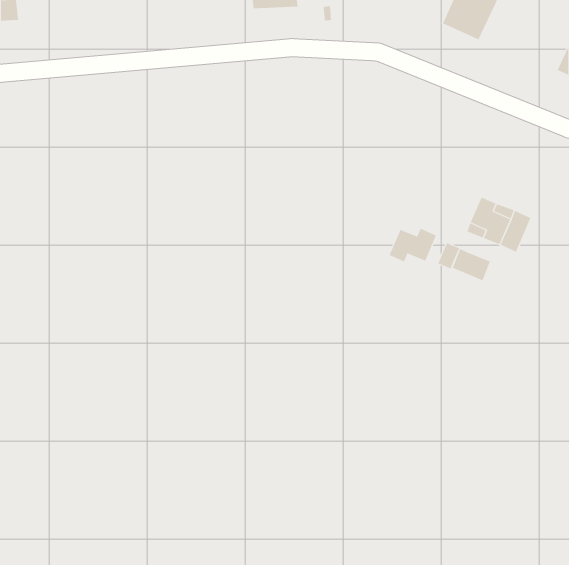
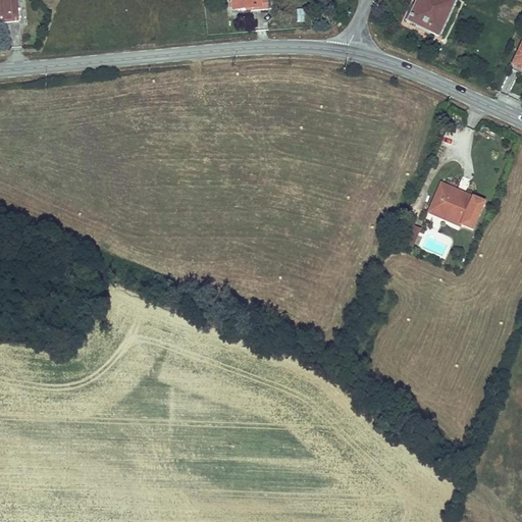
building: [389,228,436,262] -> none
building: [452,248,491,281] -> none

